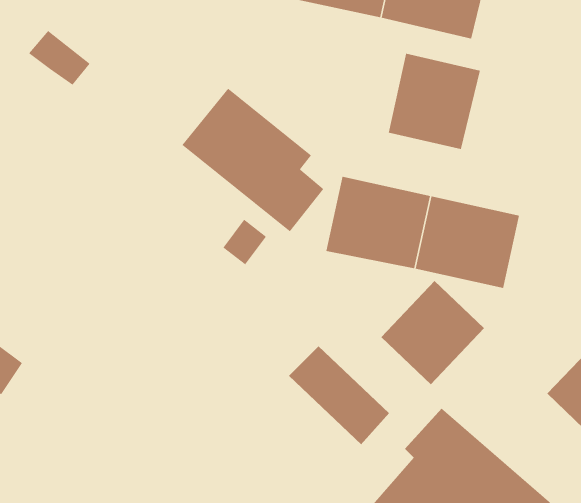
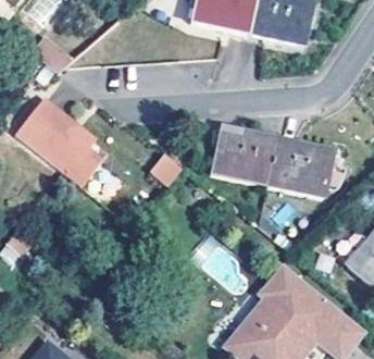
building: [388,53,480,150] -> none
building: [182,88,324,232] -> [20,99,107,187]
building: [380,280,485,385] -> none

